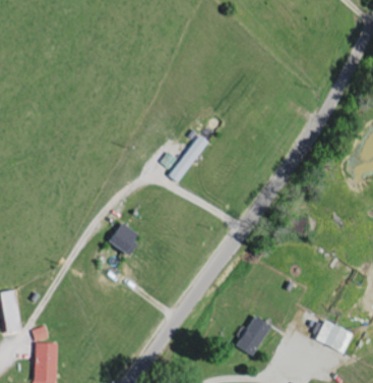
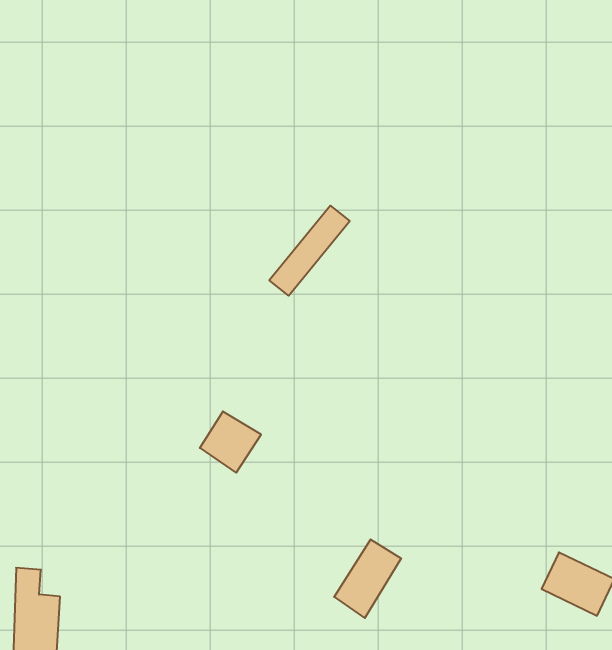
building: [108,221,140,254] -> [200,411,261,473]
building: [235,314,270,355] -> [334,539,401,618]

